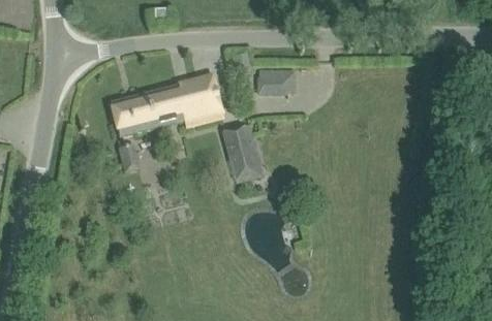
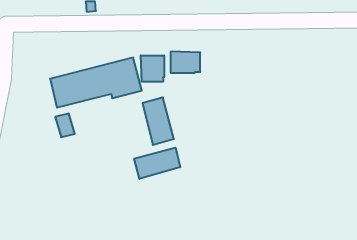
building: none -> [141,55,164,82]
building: none -> [134,148,180,179]

